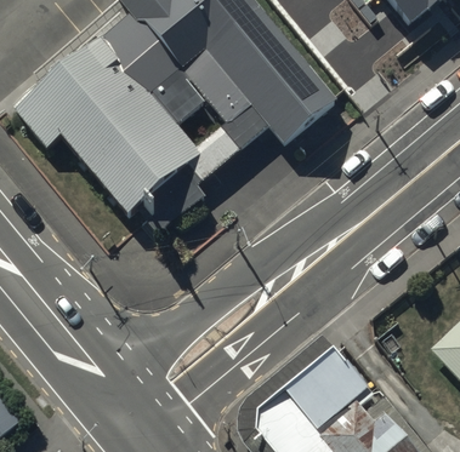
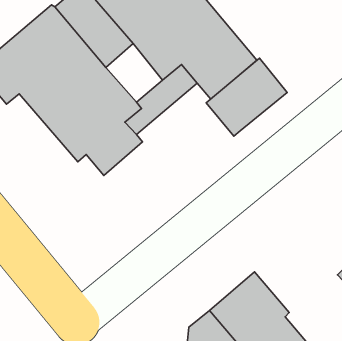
building: none -> [206,58,287,136]

